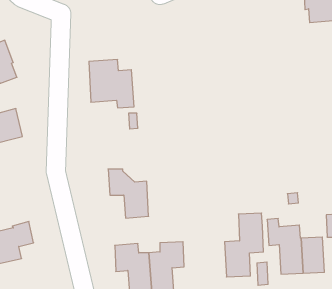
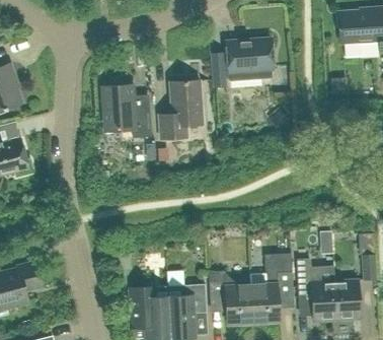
building: none -> [212,39,274,87]
building: none -> [160,80,203,139]
building: [108,169,149,218] -> [209,271,253,325]

